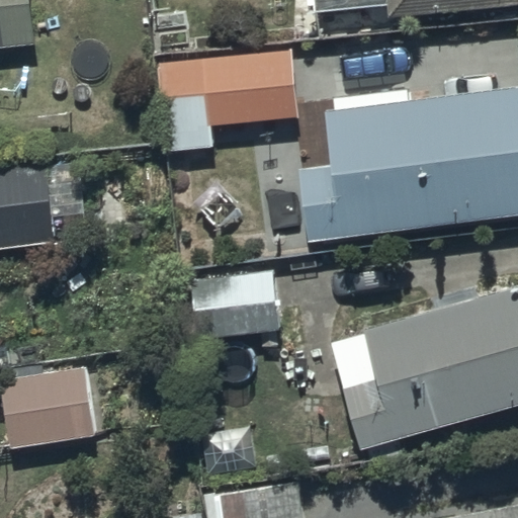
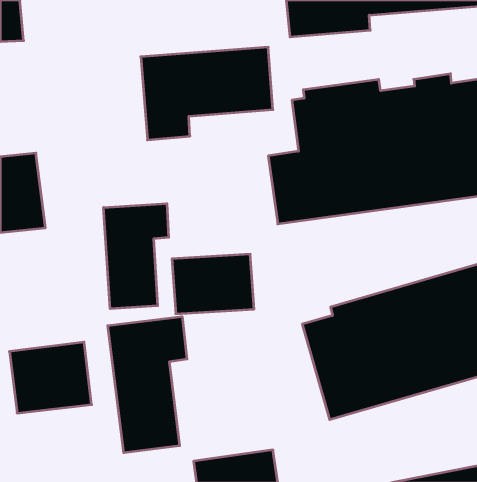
building: none -> [104,204,169,309]
building: none -> [108,317,187,453]

